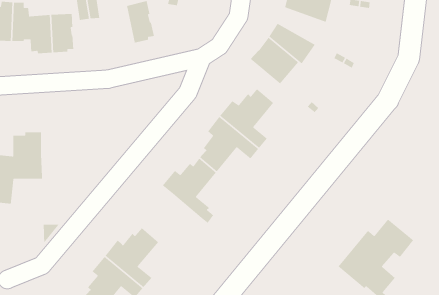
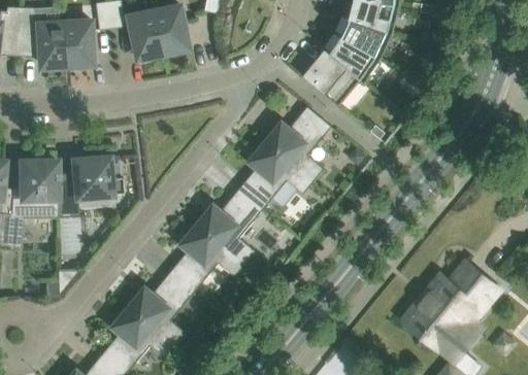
building: none -> [128,10,163,59]
building: none -> [333,13,391,57]
building: none -> [54,156,122,213]
building: none -> [172,224,242,291]

